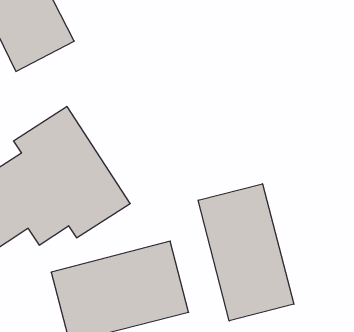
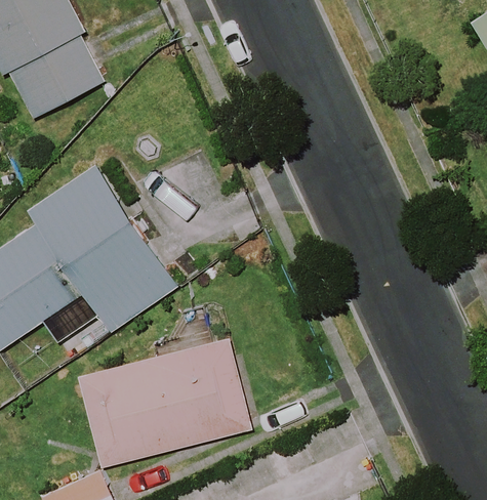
building: [198,184,294,321] -> none

